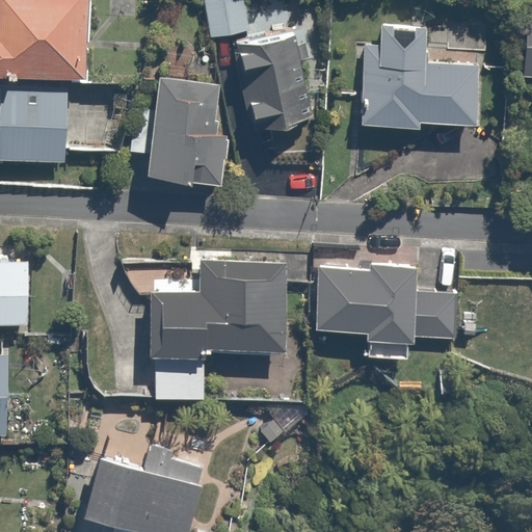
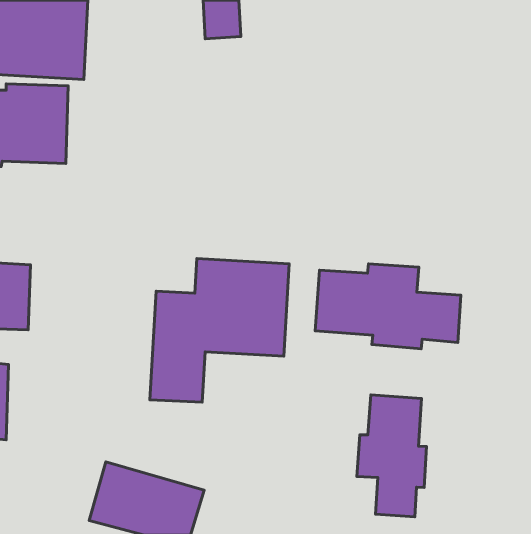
building: [356,22,482,129] -> none
building: [233,37,318,139] -> none
building: [129,74,230,179] -> none
building: none -> [357,395,426,517]

